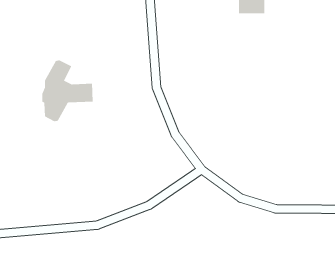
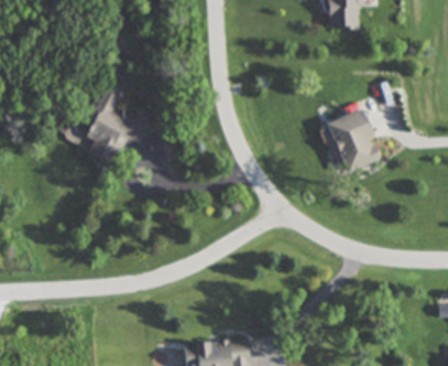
building: none -> [327,108,382,171]

